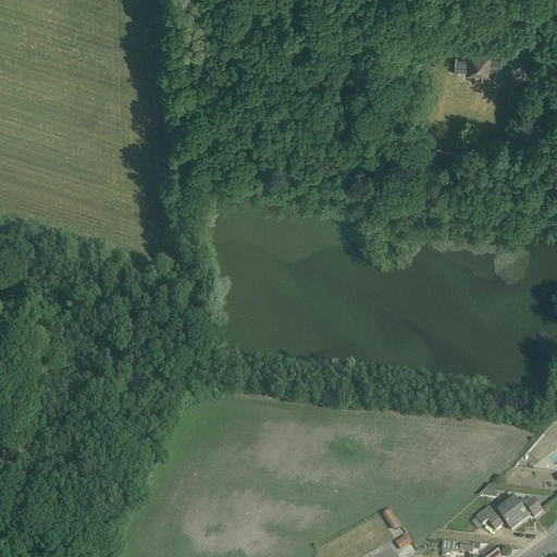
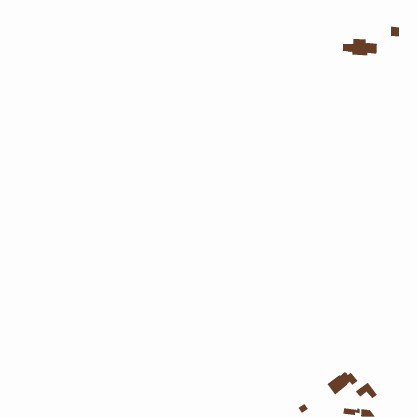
building: [499,497,542,529] -> [327,372,359,395]

